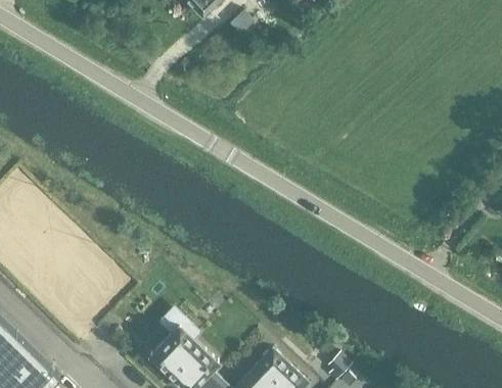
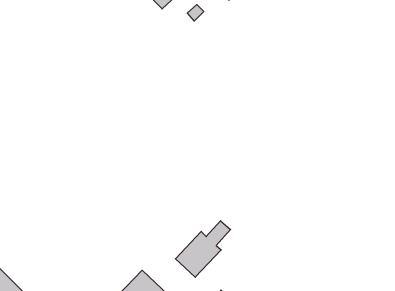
building: none -> [175,221,231,277]

